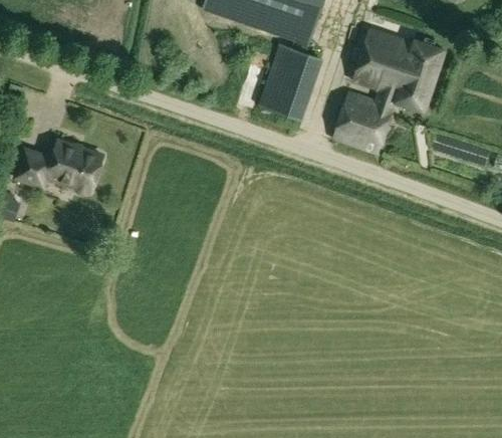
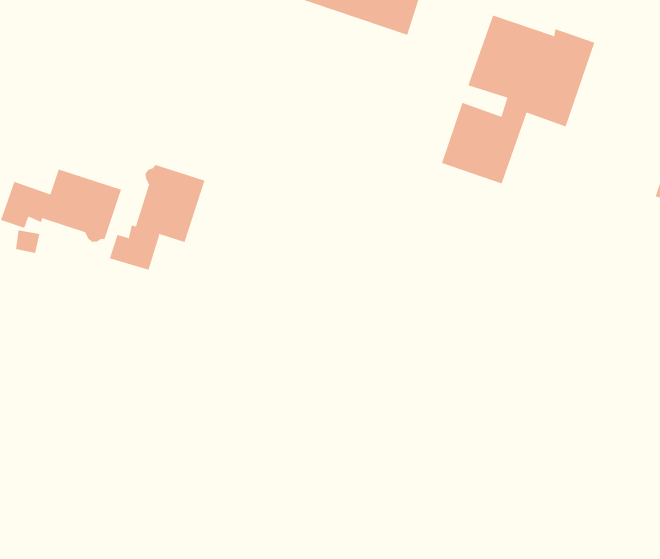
building: [260,44,318,128] -> none
building: none -> [109,164,205,271]

